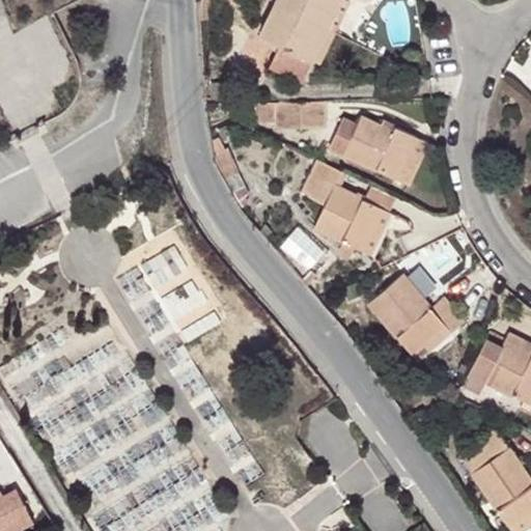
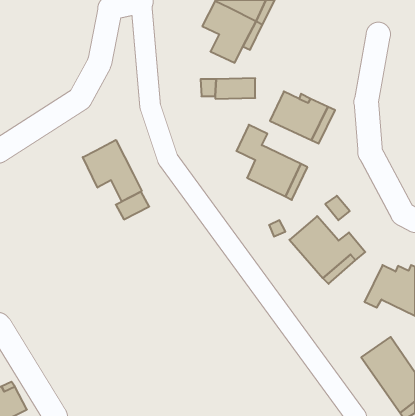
building: none -> [83,140,142,202]

